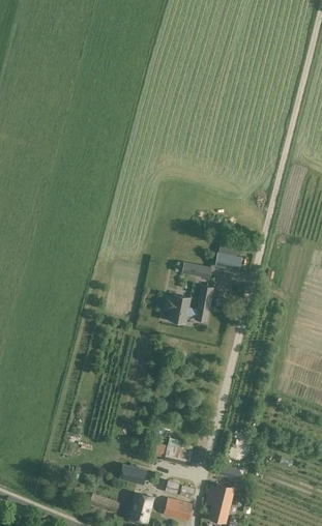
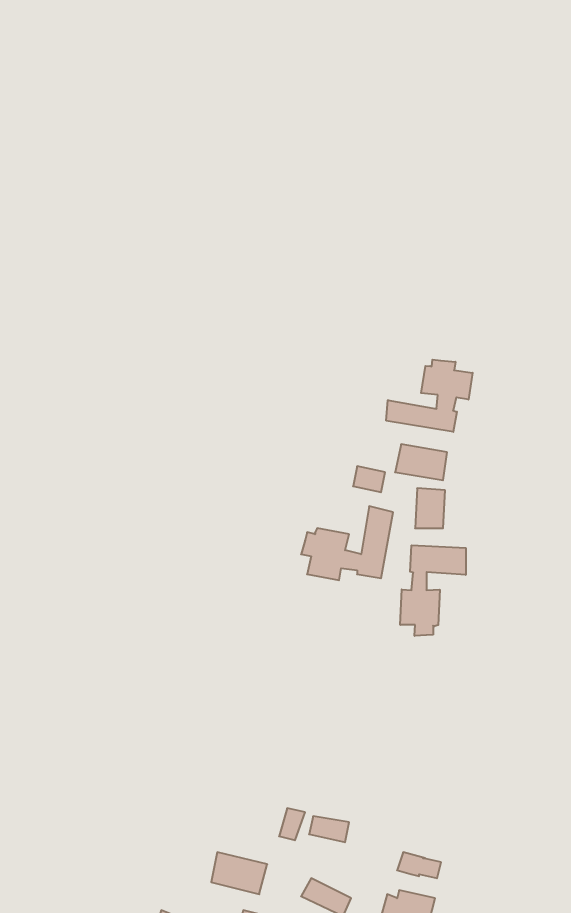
building: none -> [386,360,473,432]
building: none -> [400,545,466,636]

